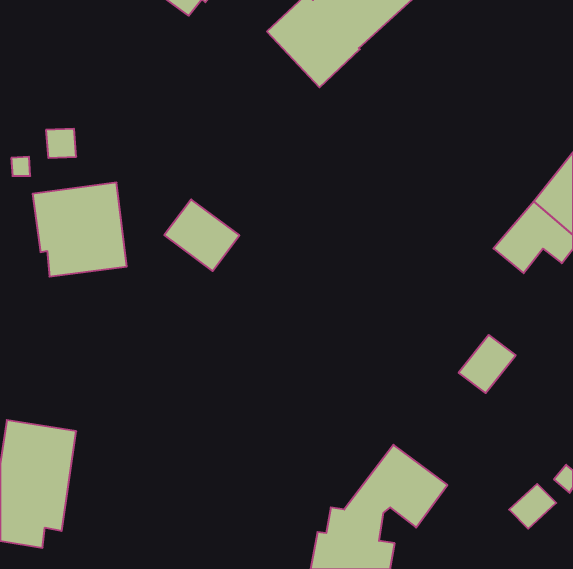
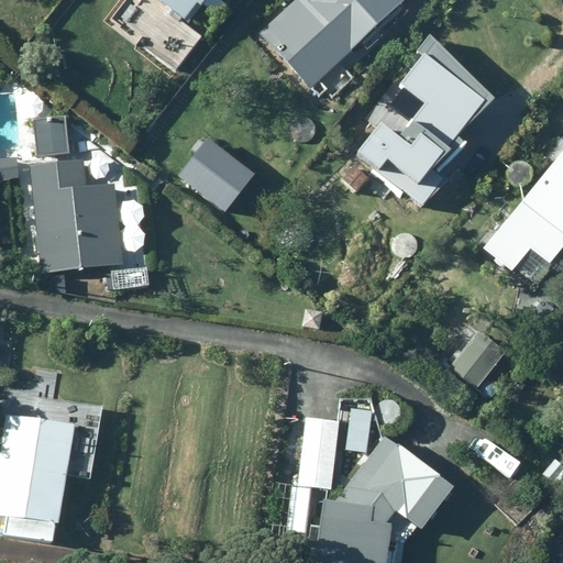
building: none -> [358,57,484,207]
building: [164,199,239,271] -> [180,145,254,216]
building: none -> [289,416,339,532]

